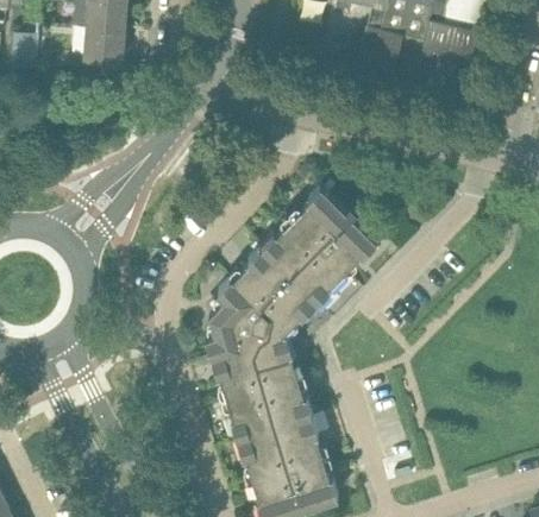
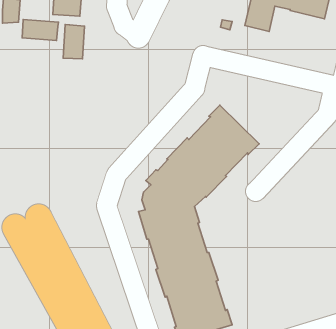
building: none -> [22,20,59,40]
building: none -> [63,24,84,59]

